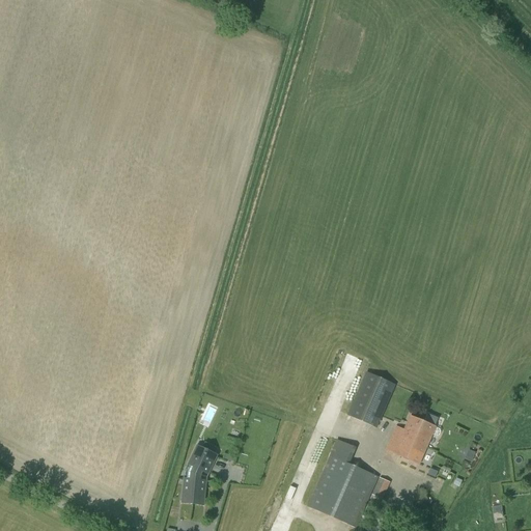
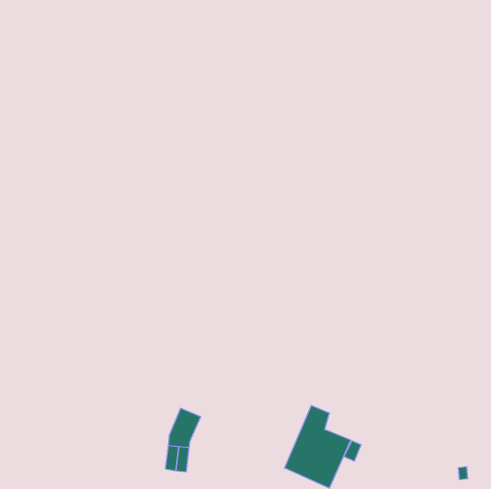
building: [346,371,396,426] -> none
building: [393,414,440,463] -> none

